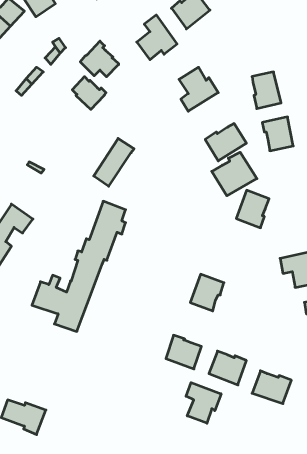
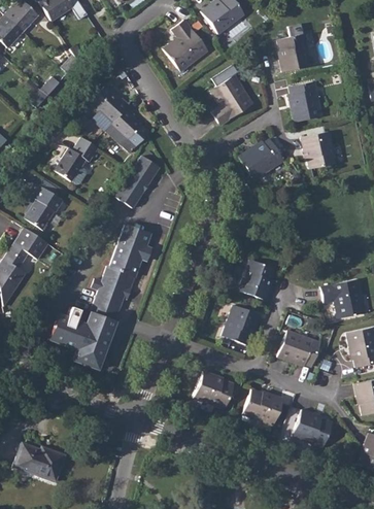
building: none -> [280,33,313,70]
building: [80,41,119,77] -> [105,107,147,146]
building: none -> [54,136,98,183]
building: [212,152,257,196] -> none
building: none -> [24,184,63,229]
building: [236,190,269,228] -> [238,259,274,300]
building: none -> [277,330,320,366]
building: [186,383,221,423] -> none

